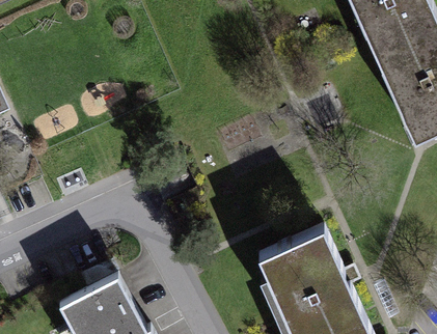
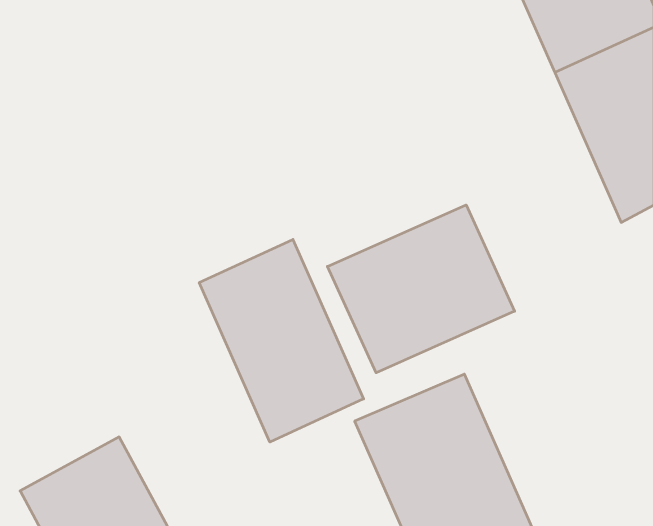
building: none -> [327,205,515,373]
building: none -> [199,239,364,442]

